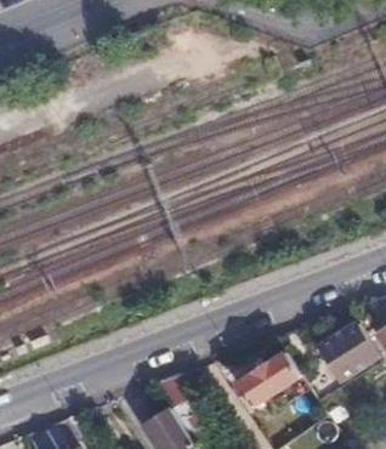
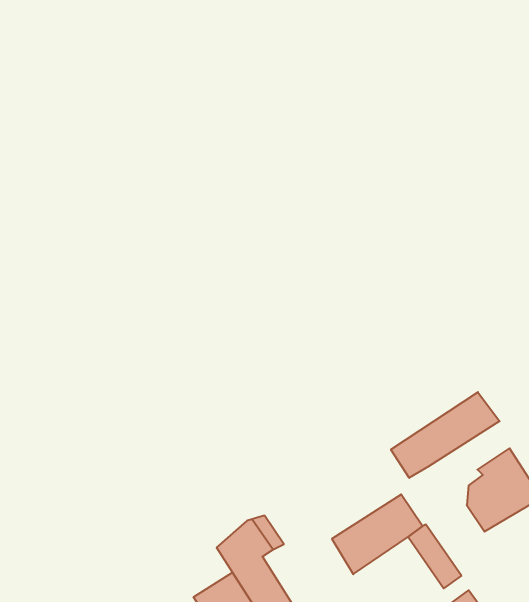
building: none -> [391,392,500,478]

